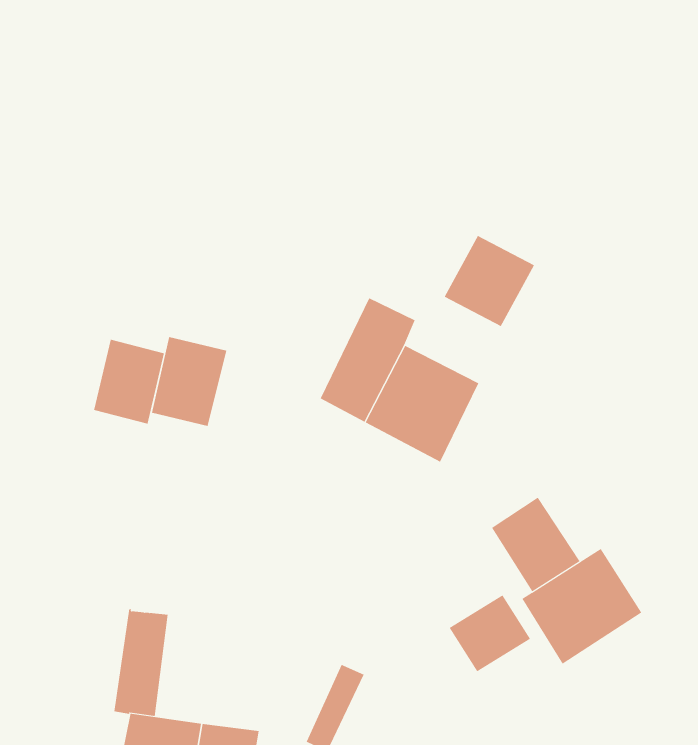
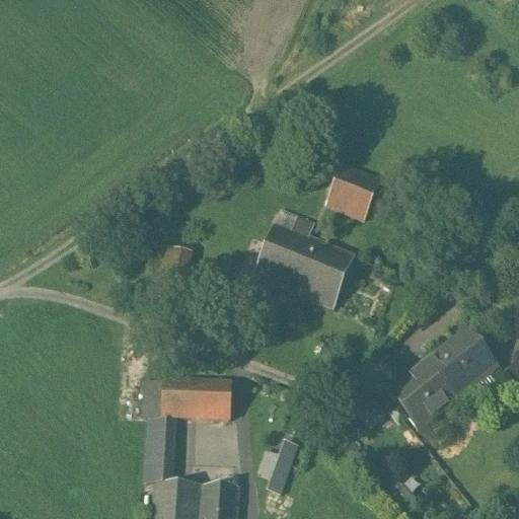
building: [94,339,165,425] -> none
building: [491,497,581,592] -> [438,327,496,387]
building: none -> [149,378,230,419]
building: [449,594,531,672] -> none

